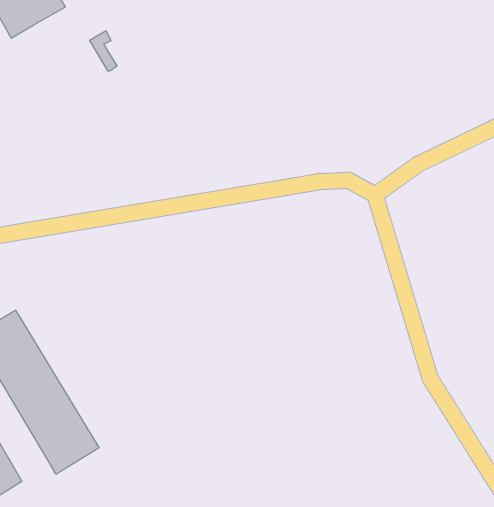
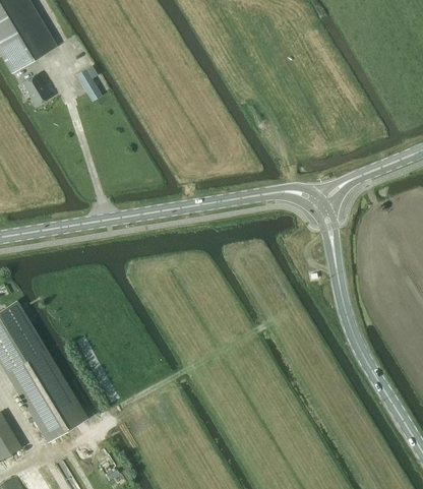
building: none -> [23,74,49,104]

